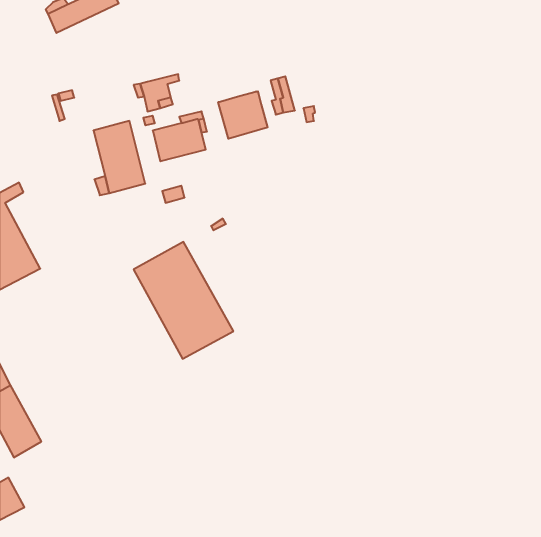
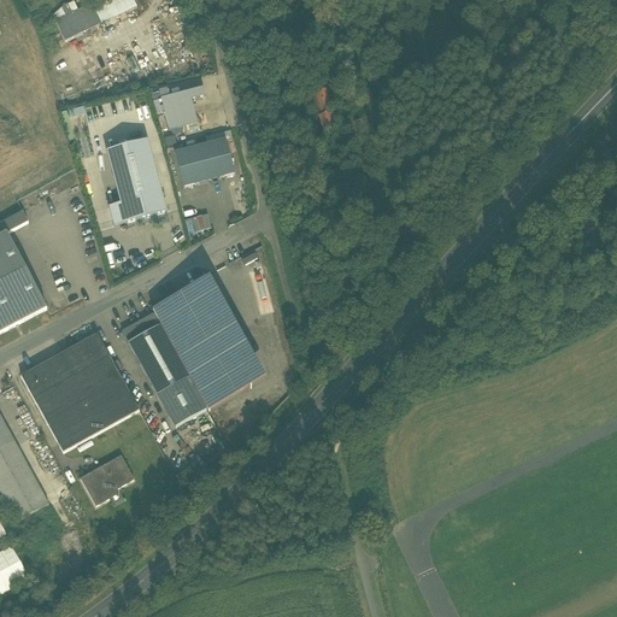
building: [218,91,268,139] -> none
building: none -> [122,311,206,424]
building: none -> [19,330,139,449]
building: none -> [80,453,133,504]

